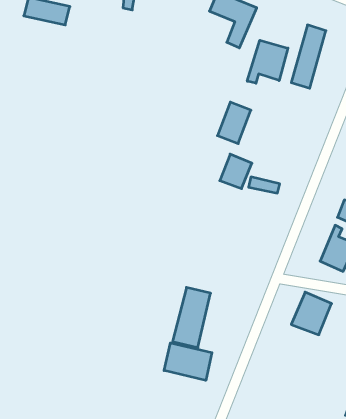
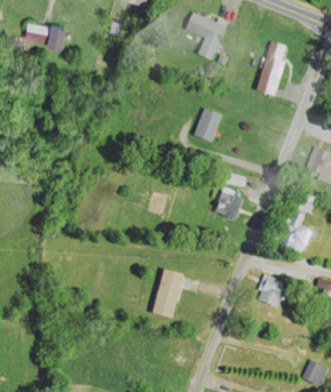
building: [247,40,288,83] -> none
building: [220,154,252,189] -> [214,190,242,220]
building: [164,343,212,380] -> none

